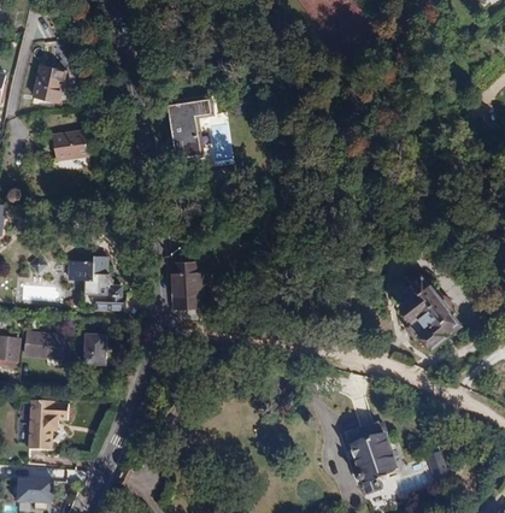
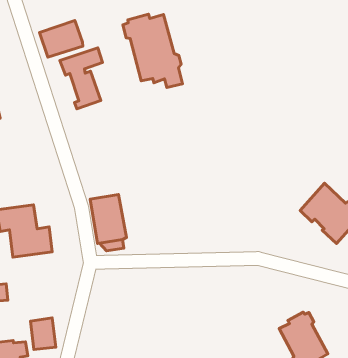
building: none -> [39,20,83,57]
building: none -> [123,14,183,88]
building: [82,332,107,365] -> [30,318,56,350]

